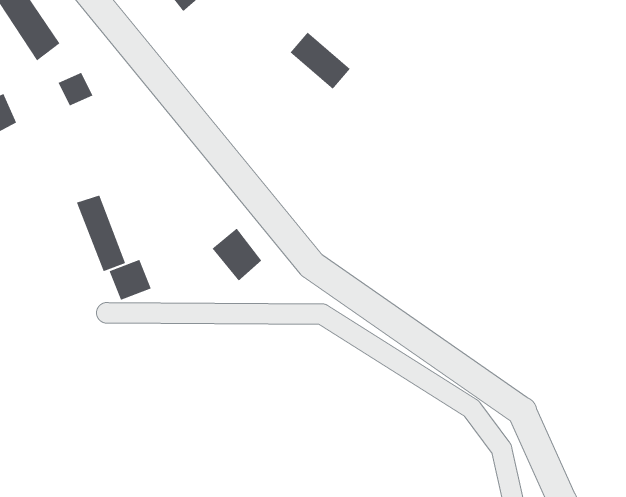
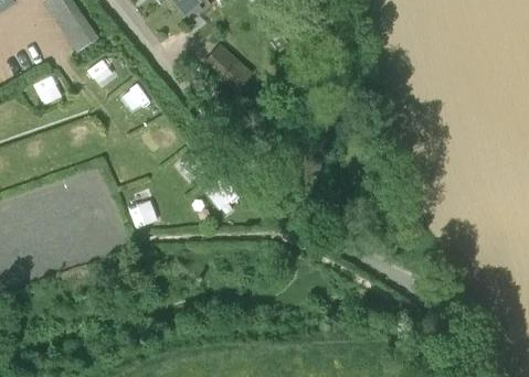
building: [290,31,351,90] -> [203,46,248,89]
building: [76,194,126,272] -> none

